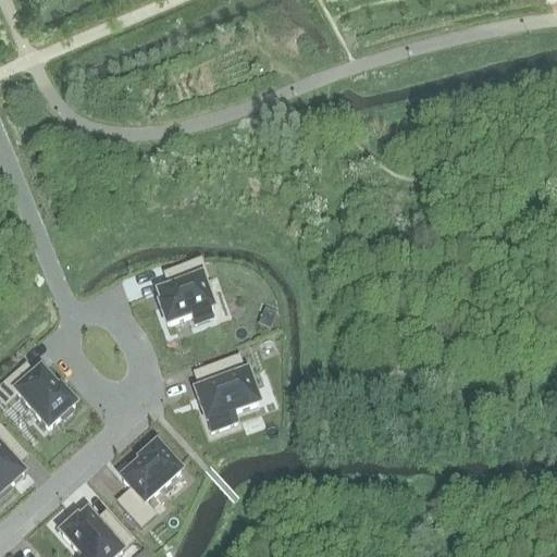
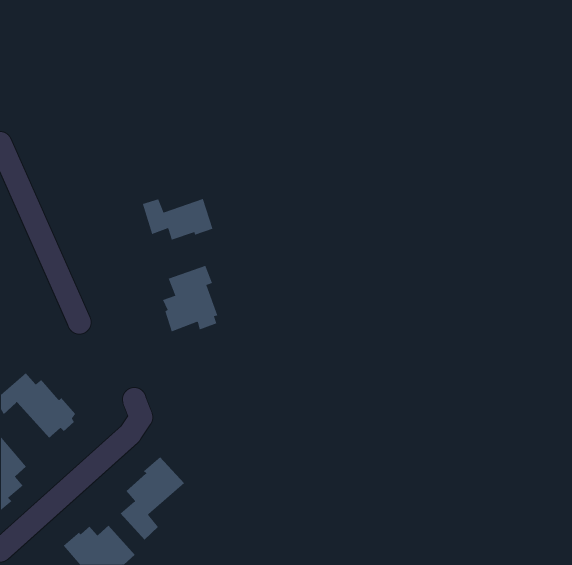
building: none -> [142,198,213,240]
building: [194,352,258,430] -> none

